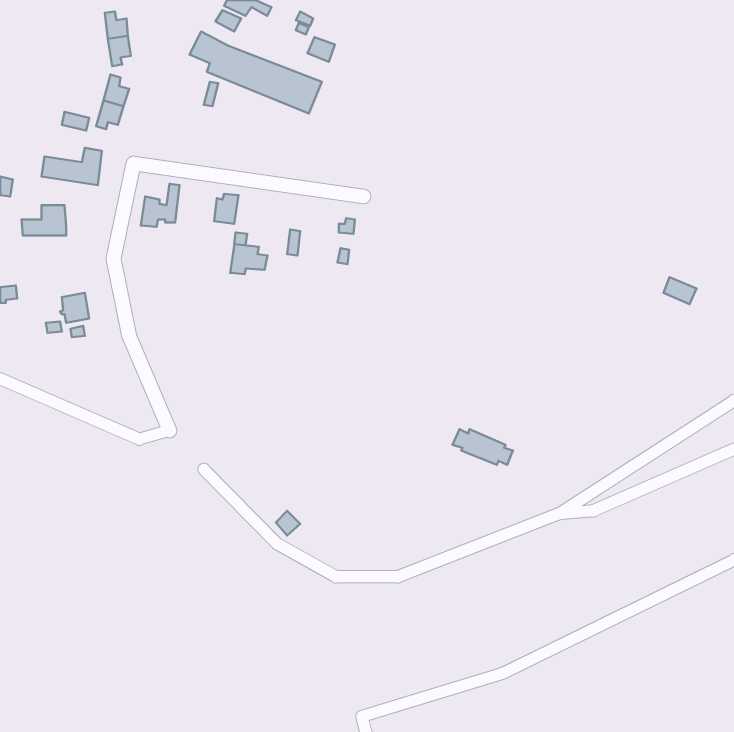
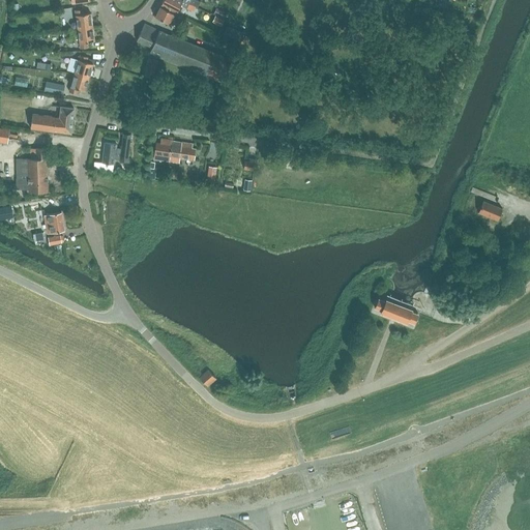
building: none -> [17,171,48,193]
building: [230,244,268,274] -> [169,142,196,164]
building: [452,429,513,465] -> [374,298,417,324]

